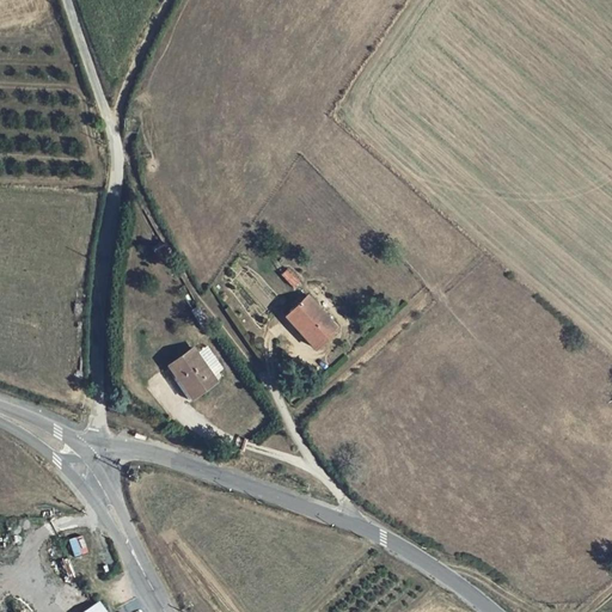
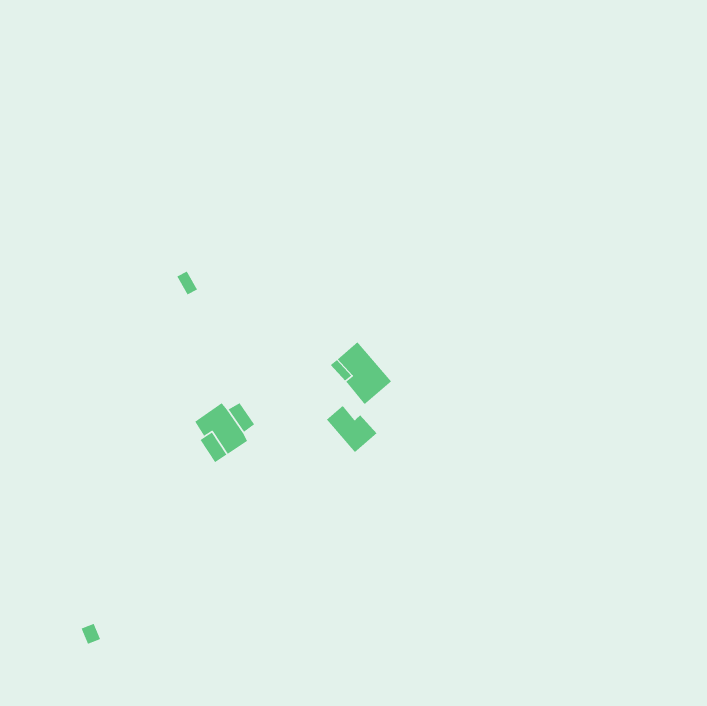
building: none -> [326,405,377,453]

